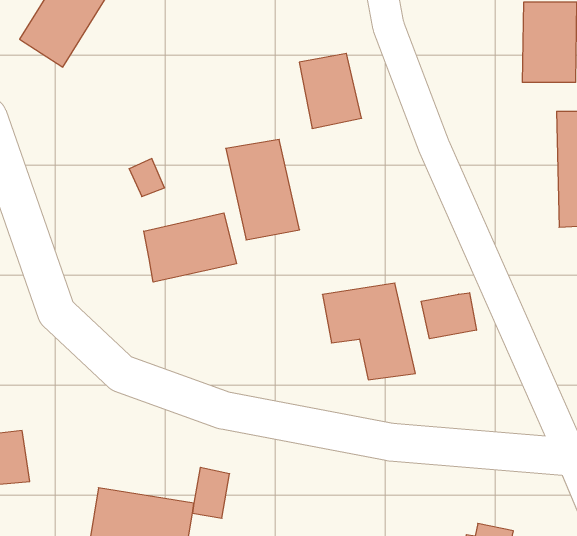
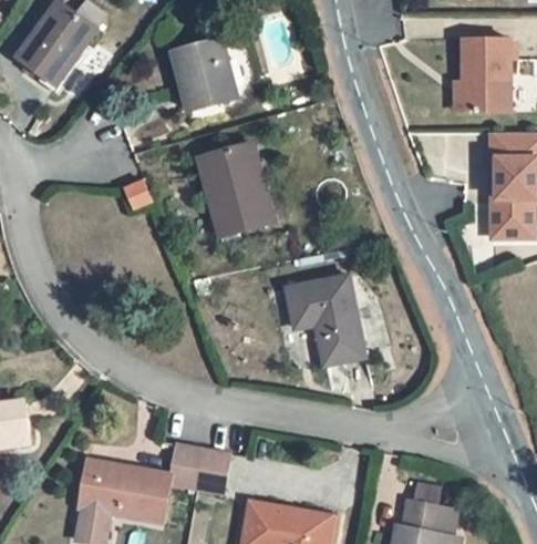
building: [299,53,362,128] -> [183,42,237,107]
building: [144,213,236,282] -> none
building: [421,293,476,339] -> none
building: none -> [197,445,230,489]

